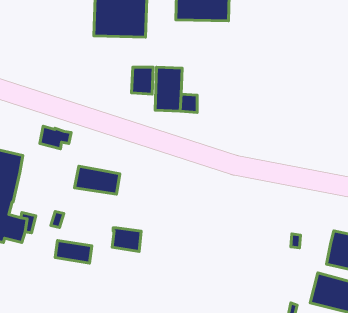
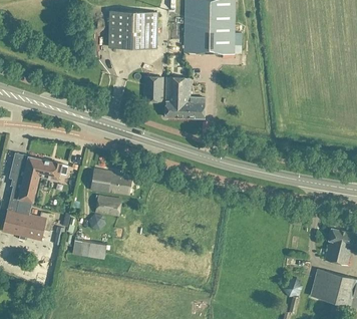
building: none -> [184,32,234,53]
building: [40,126,71,149] -> [39,158,68,180]
building: [112,228,141,251] -> [94,195,121,217]

